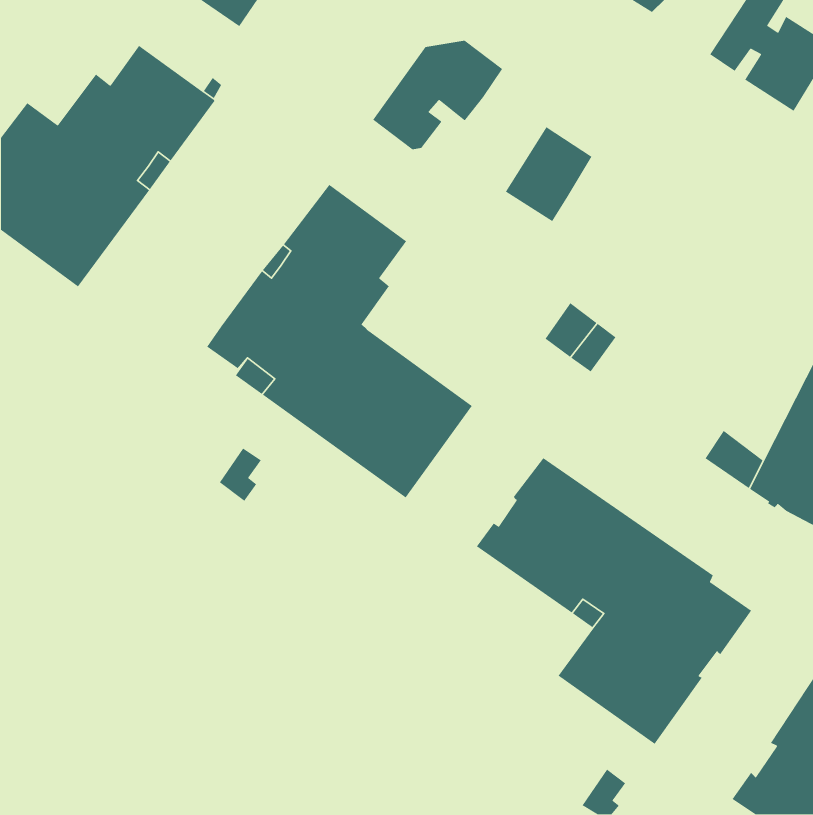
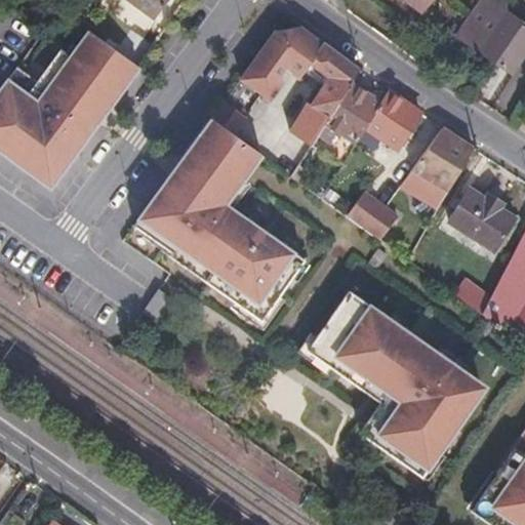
building: none -> [294,44,360,145]
building: none -> [367,91,421,148]
building: none -> [401,127,475,207]
building: none -> [450,188,517,250]

